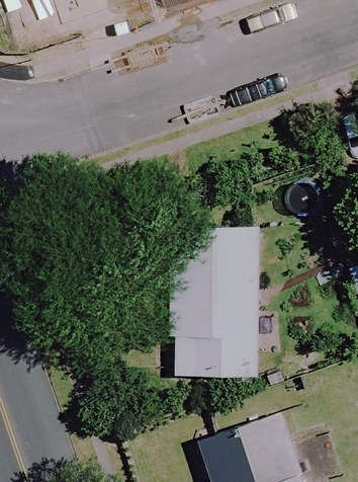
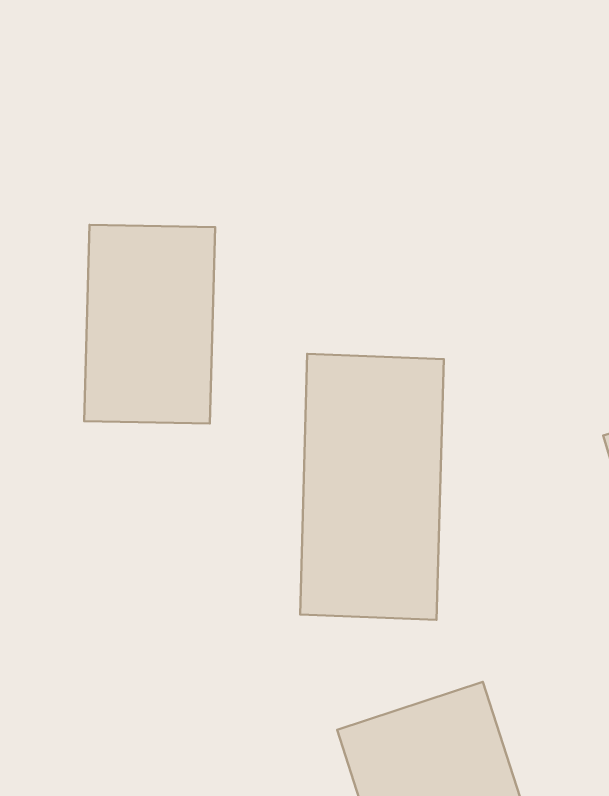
building: none -> [84,225,215,423]

